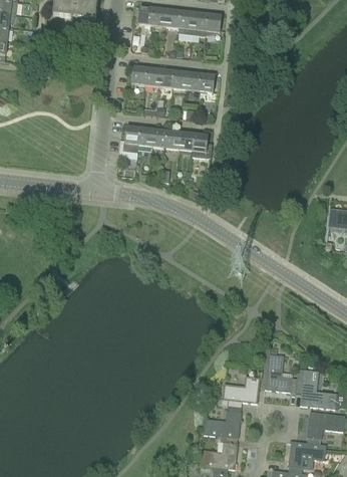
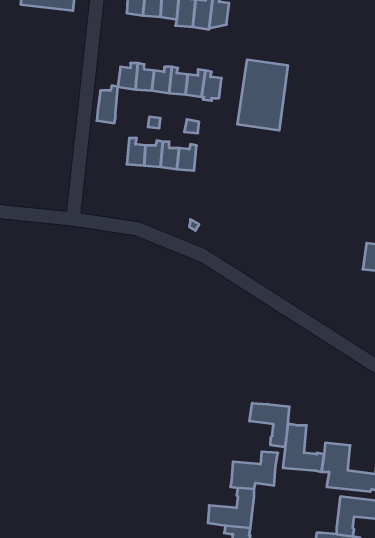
building: none -> [237,60,288,130]
building: [122,123,139,153] -> [97,86,118,123]
building: [191,130,211,156] -> none
building: none -> [250,403,289,447]

